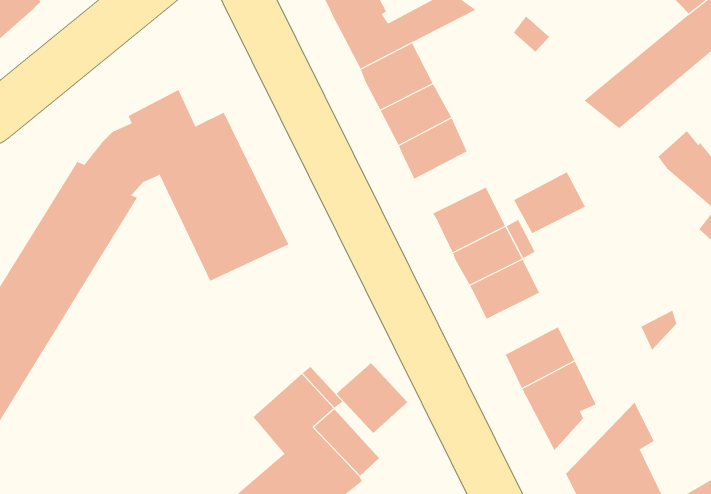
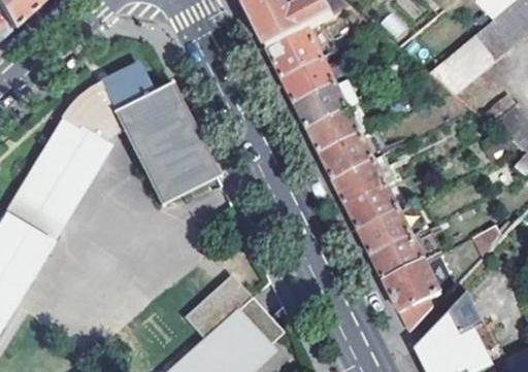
building: [514,172,586,234] -> [308,111,361,157]
building: none -> [361,214,414,260]
building: [336,362,408,434] -> none

